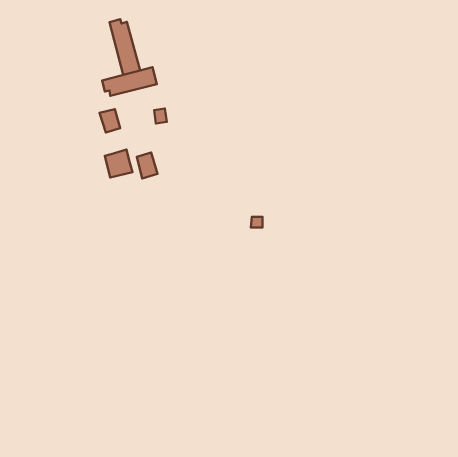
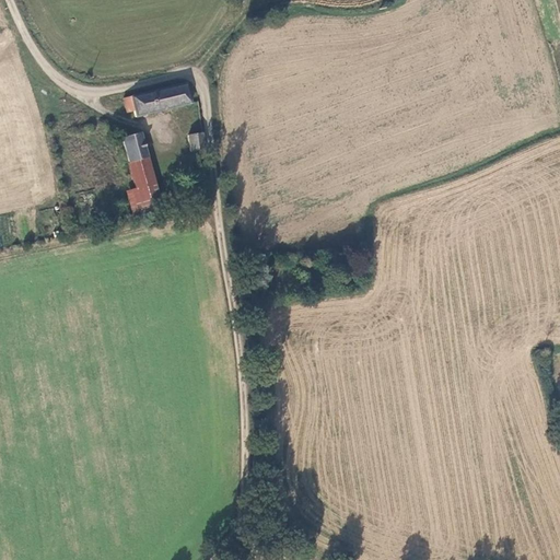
building: [109,19,140,75] -> none
building: [137,152,157,178] -> [129,156,154,188]

